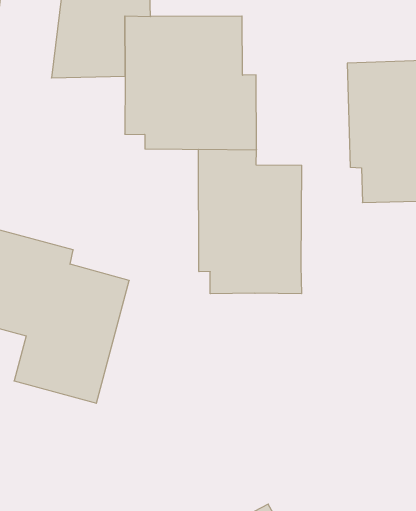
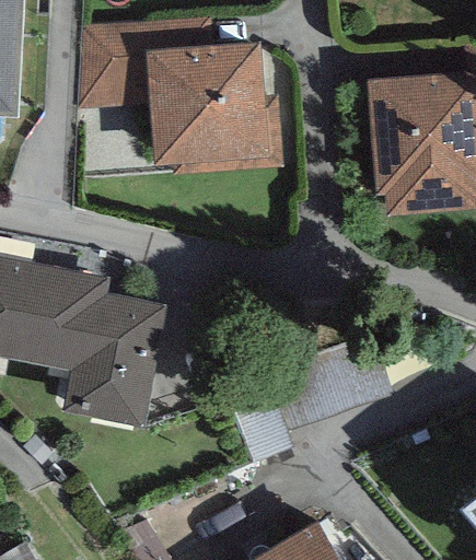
building: [199,149,302,294] -> none

